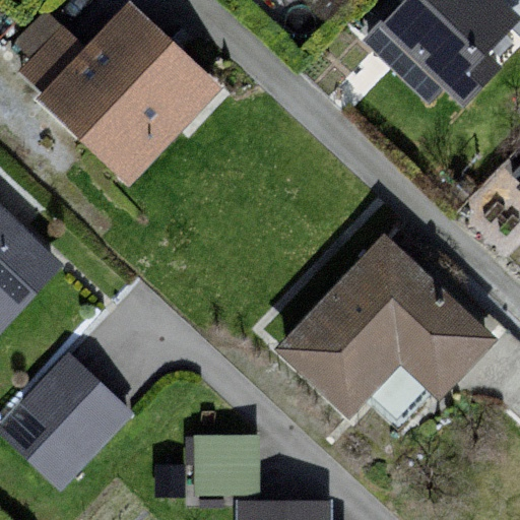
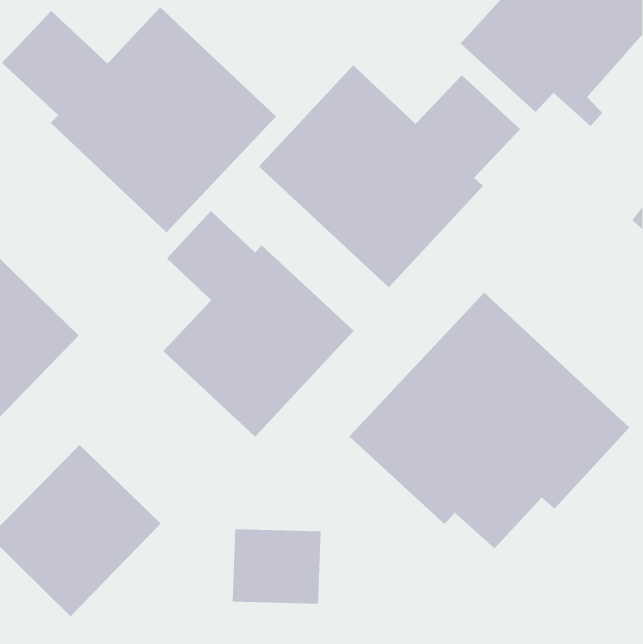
building: none -> [258,64,521,288]
building: none -> [162,210,354,437]

